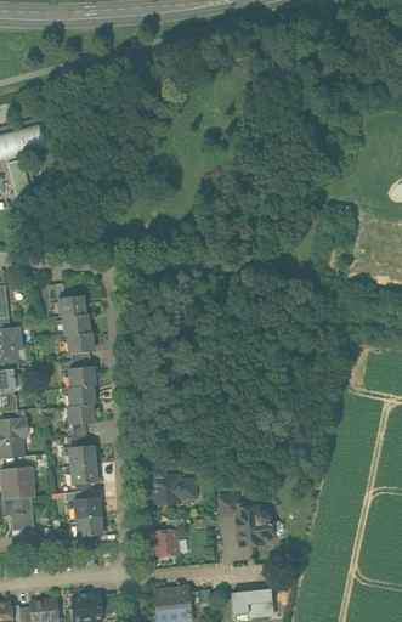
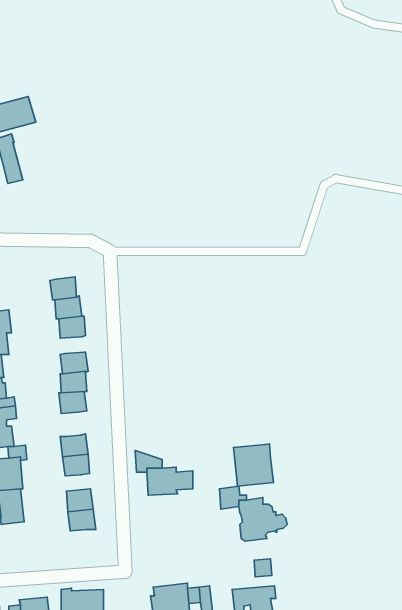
building: none -> [233,444,273,486]
building: [151,530,179,558] -> none

